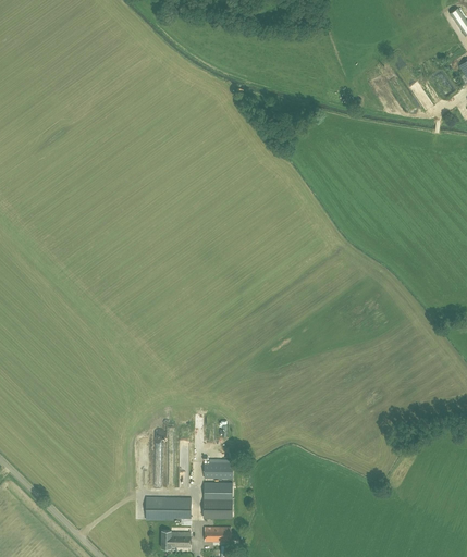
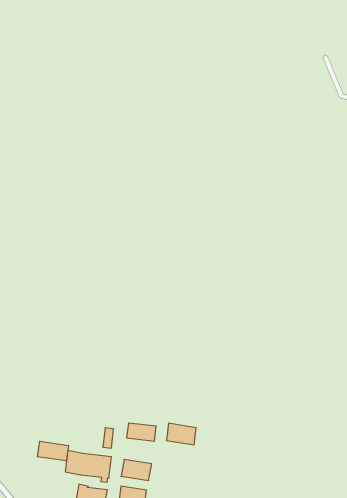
building: [204,482,232,500] -> [166,423,196,445]
building: none -> [38,441,68,461]

